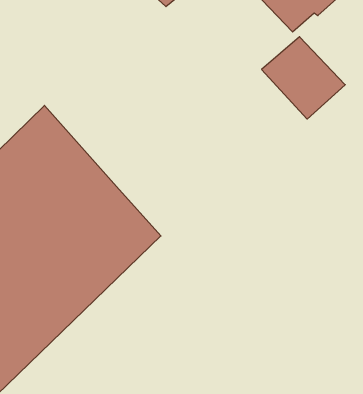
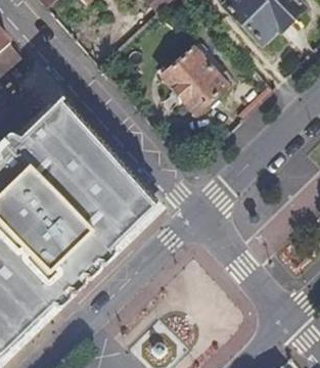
building: [262,37,345,119] -> [158,45,226,111]

